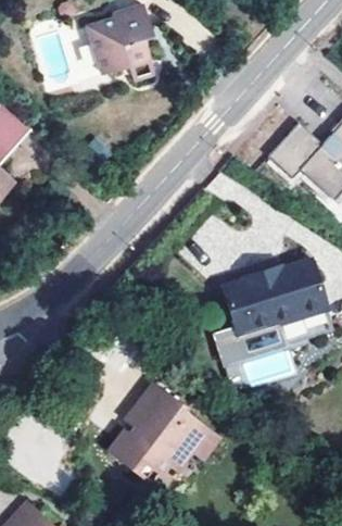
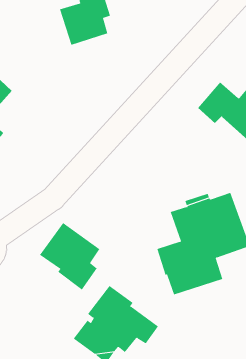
building: none -> [39,222,100,290]

